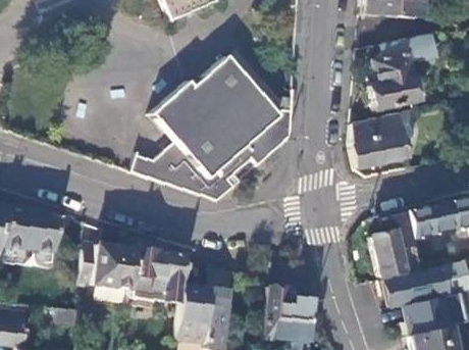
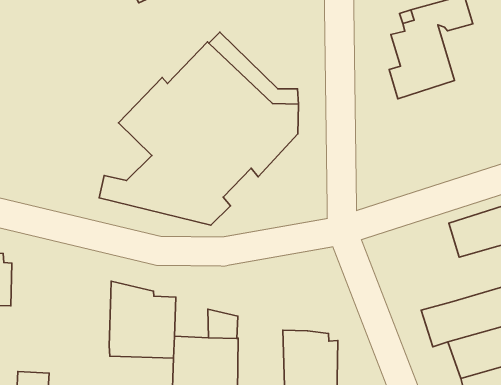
building: [351,108,417,168] -> none
building: [371,211,415,279] -> none
building: [84,243,137,290] -> none

